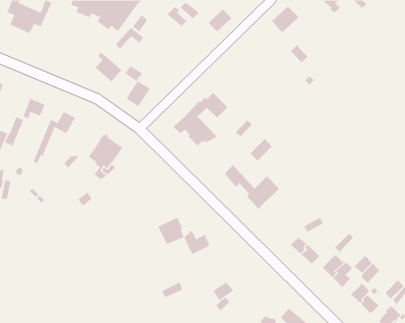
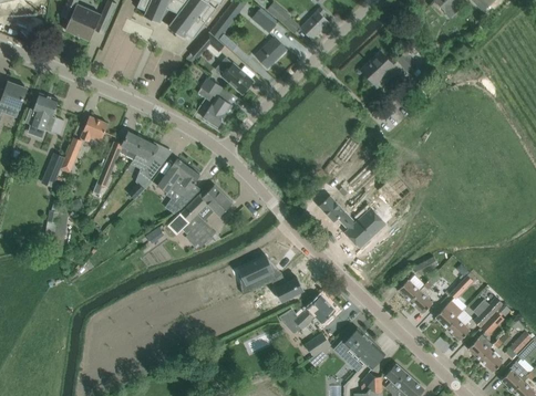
building: [271,6,299,33] -> [361,52,394,84]
building: none -> [256,38,287,67]
building: [95,51,122,82] -> [223,59,255,95]
building: [173,92,228,146] -> [167,185,233,249]
building: none -> [131,139,164,179]
building: none -> [279,295,336,330]
building: none -> [334,329,385,369]

